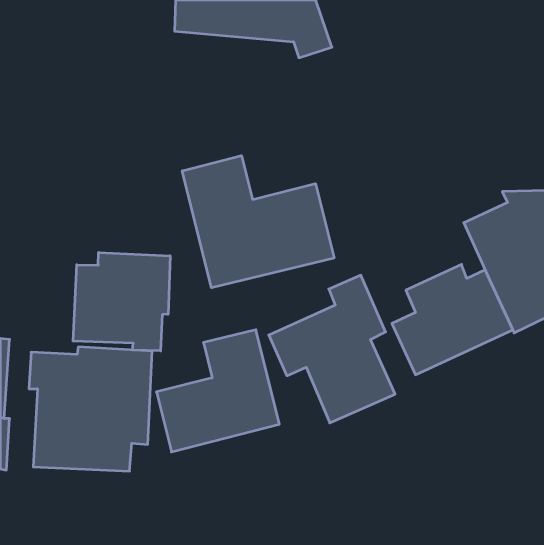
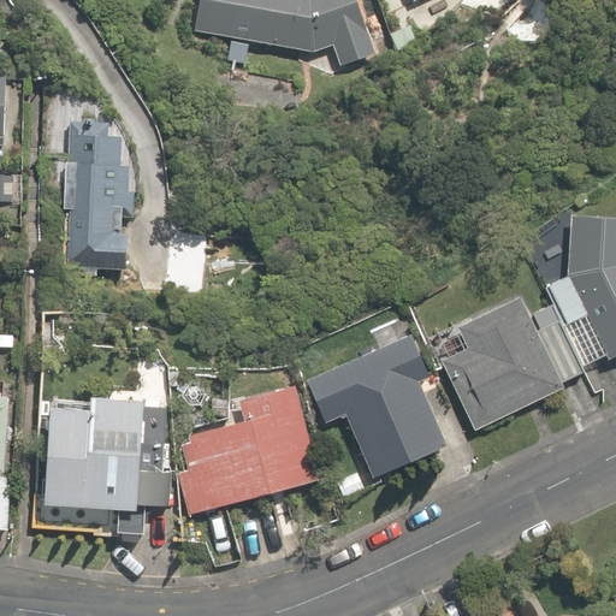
building: none -> [43,94,143,268]
building: [182,156,334,288] -> none
building: [73,252,170,351] -> none

